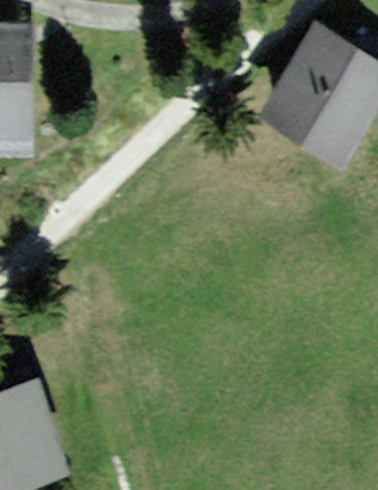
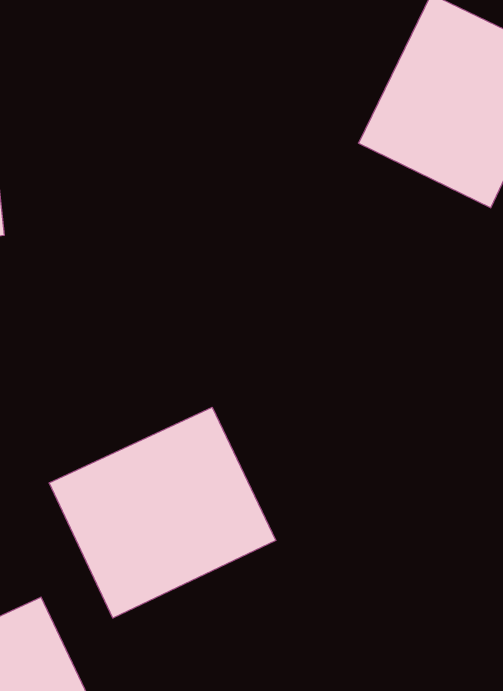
building: none -> [49,407,276,618]

